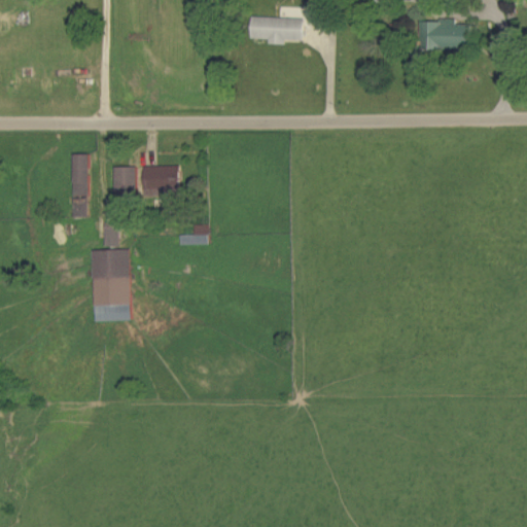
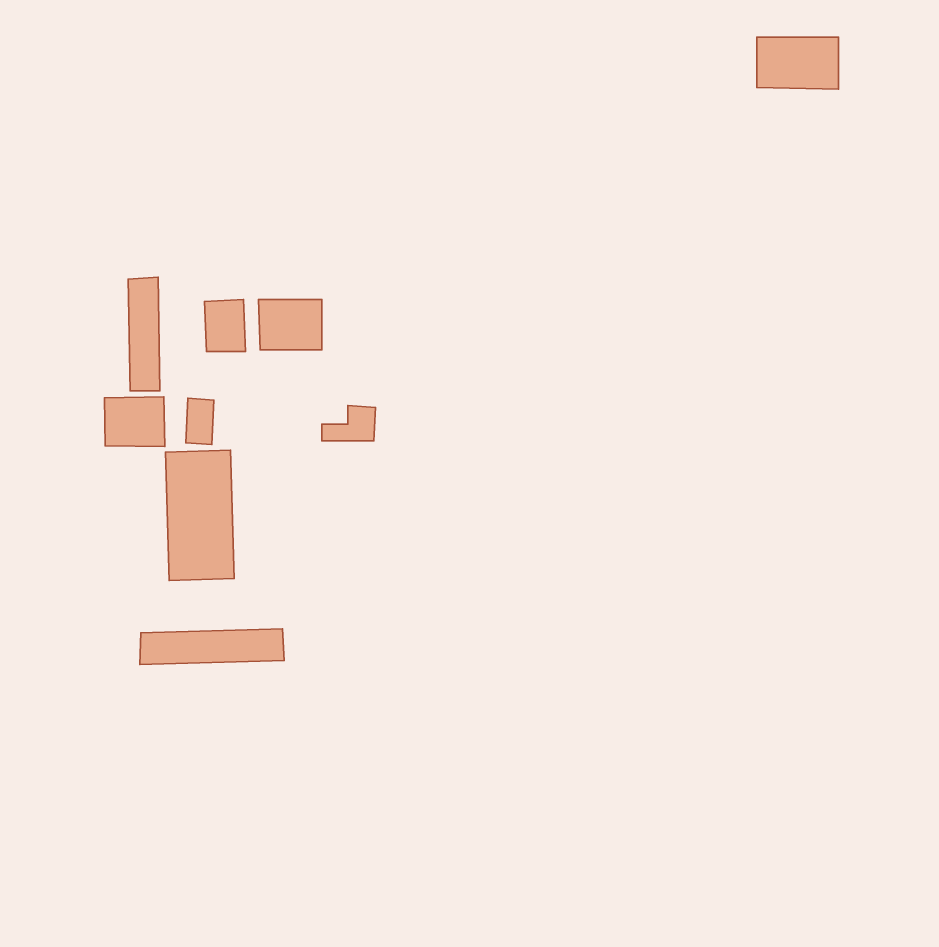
building: [250,16,303,43] -> none
building: none -> [105,397,165,446]
building: none -> [140,629,284,665]

